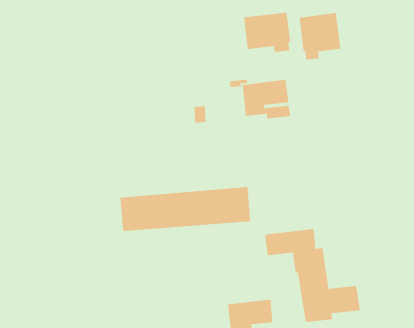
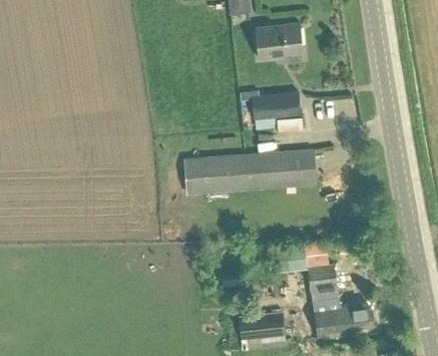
building: [299,12,341,60] -> none
building: [120,186,251,232] -> [183,147,316,194]

